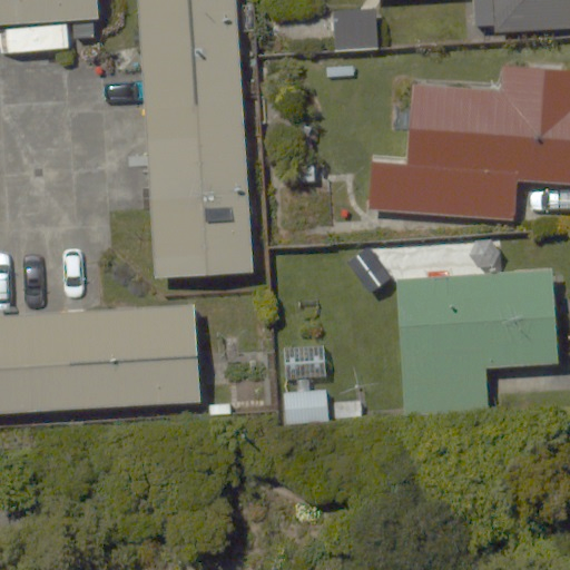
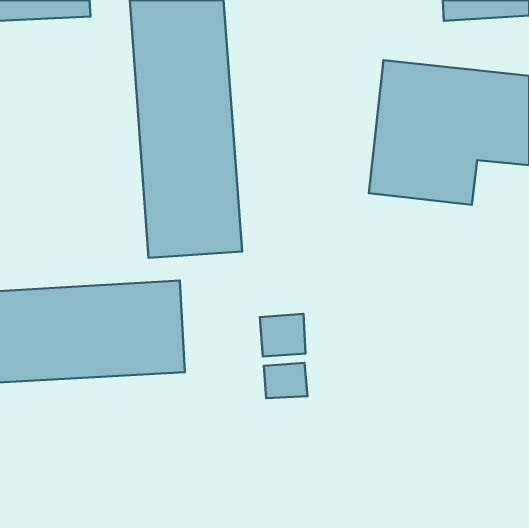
building: [397,268,558,419] -> none

